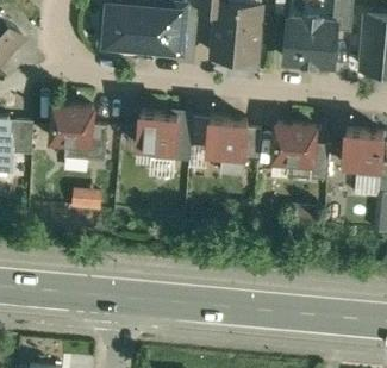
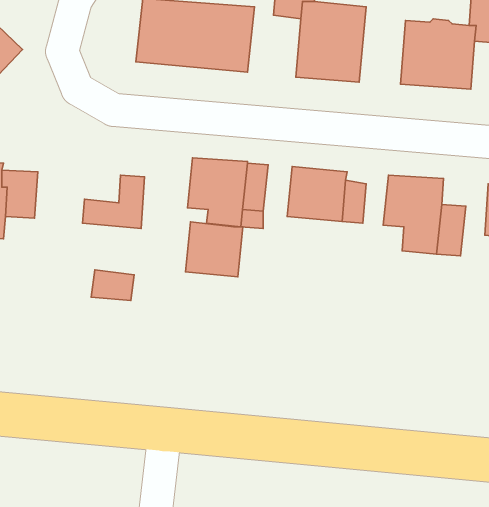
building: [52,105,93,144] -> none
building: none -> [185,222,243,277]

